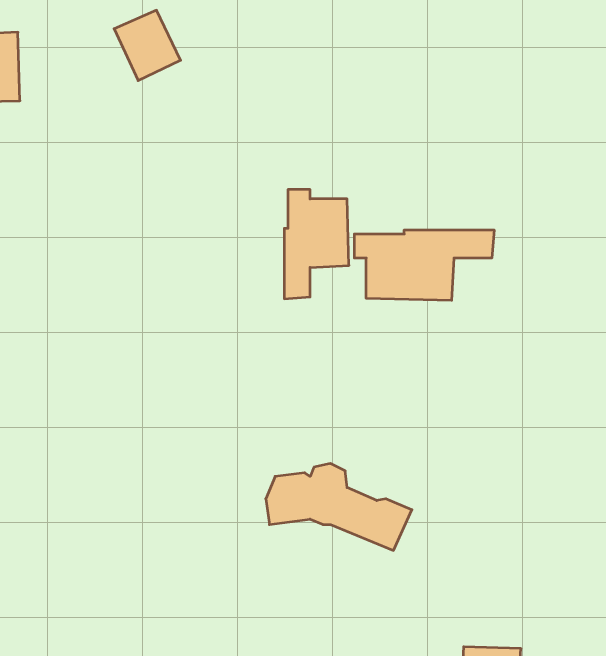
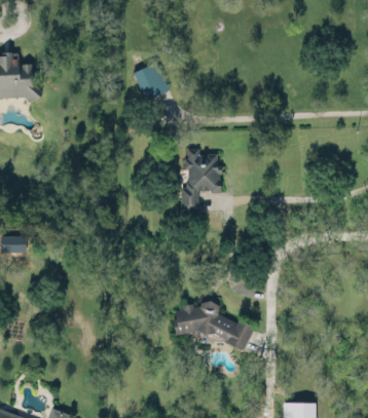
building: [114,10,181,81] -> [132,63,169,102]
building: [354,230,494,300] -> none

